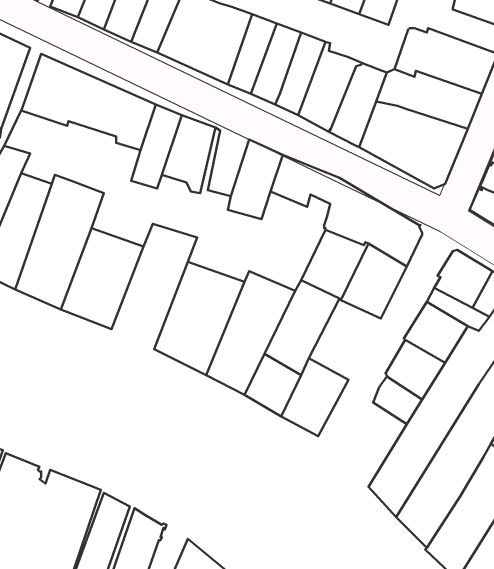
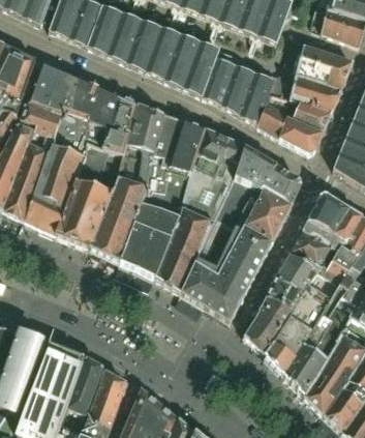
building: none -> [156,112,184,157]
building: none -> [91,176,149,261]
building: none -> [224,227,273,282]
building: none -> [244,297,291,354]

